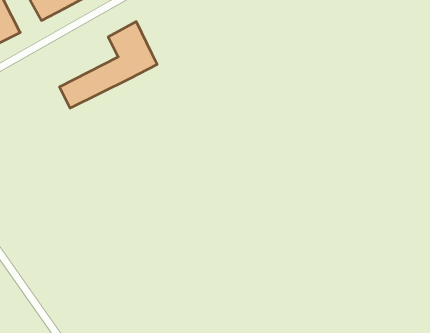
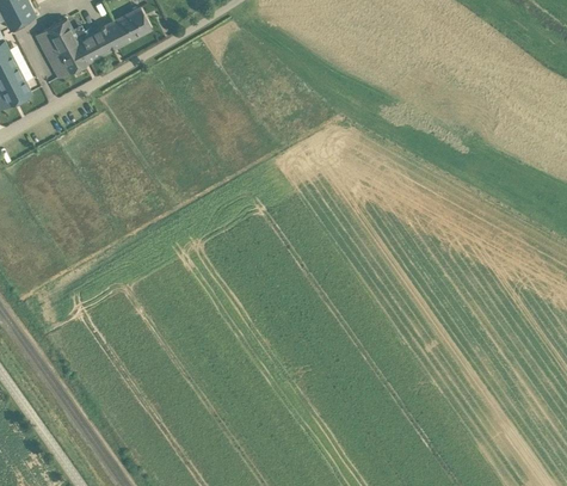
building: [60,22,157,108] -> none

